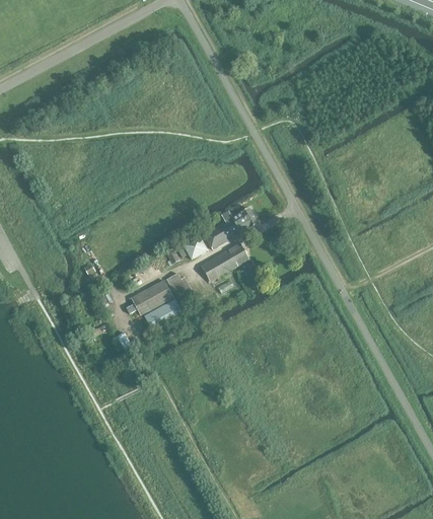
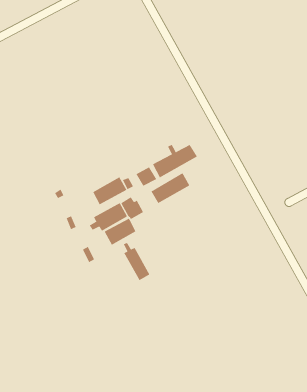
building: none -> [92,176,127,205]
building: none -> [123,242,150,281]

